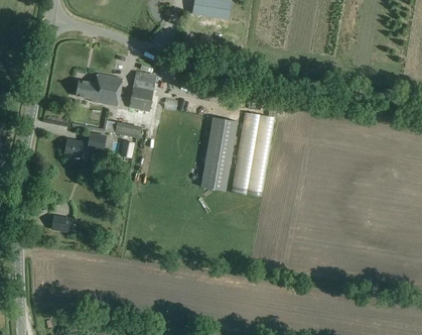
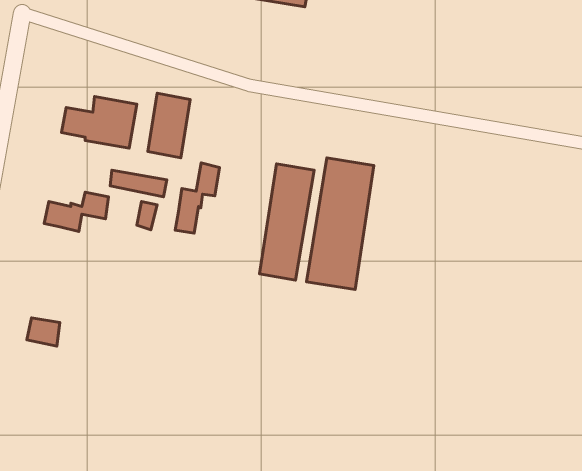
building: none -> [175,163,220,233]

